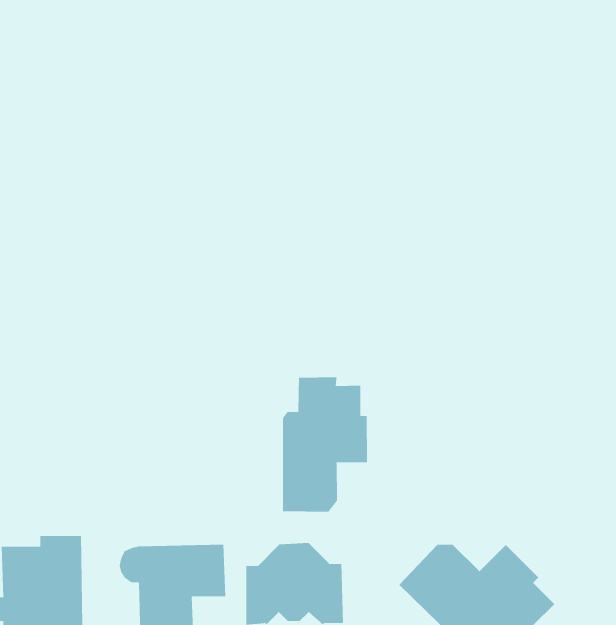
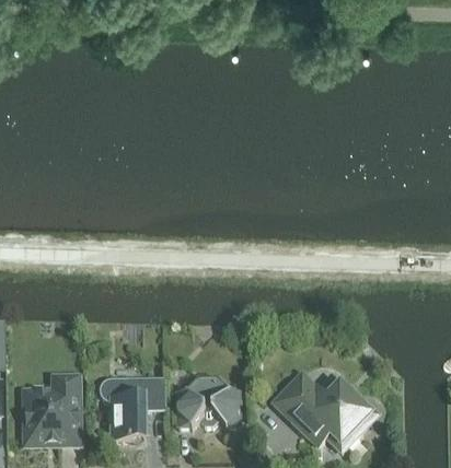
building: [283,377,368,512] -> none

